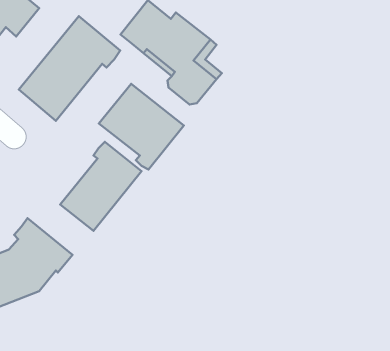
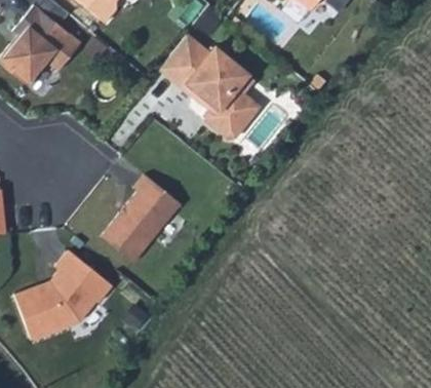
building: [19,16,120,121] -> none
building: [99,84,184,170] -> none

